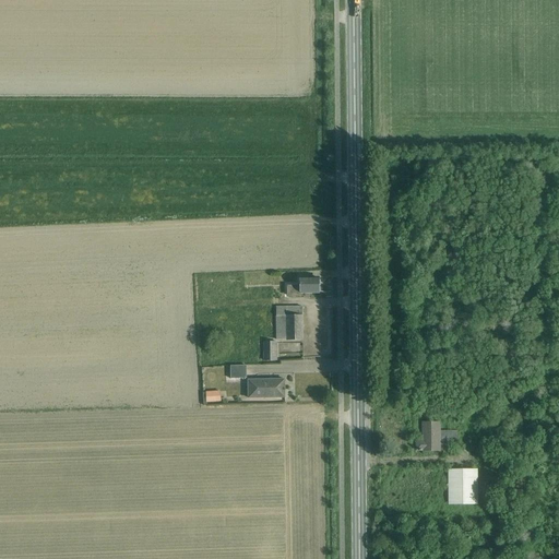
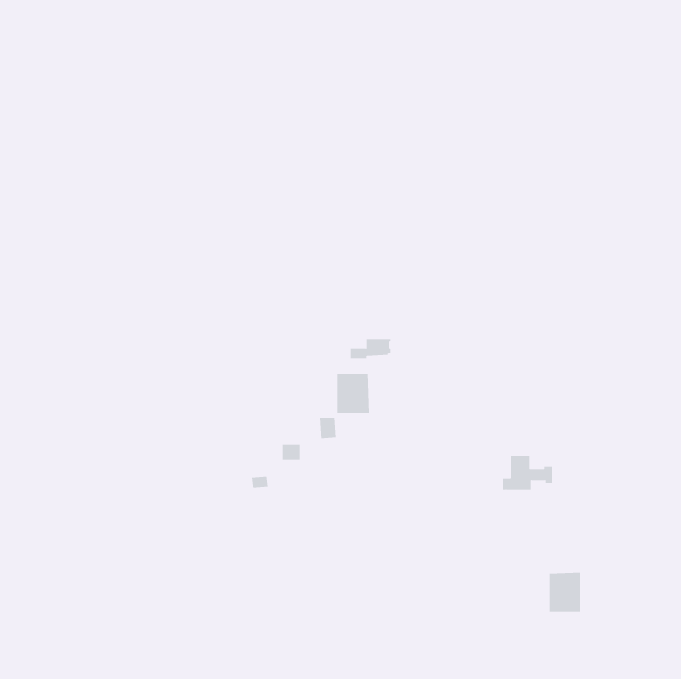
building: [248,379,284,397] -> none
building: [415,420,456,449] -> [502,455,553,490]

